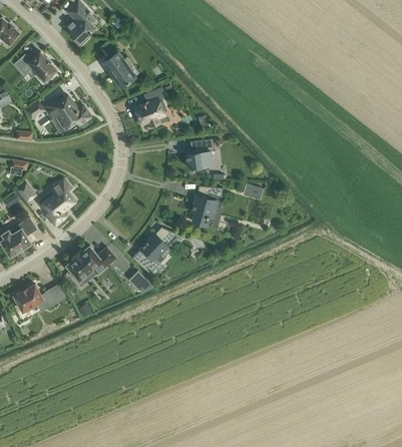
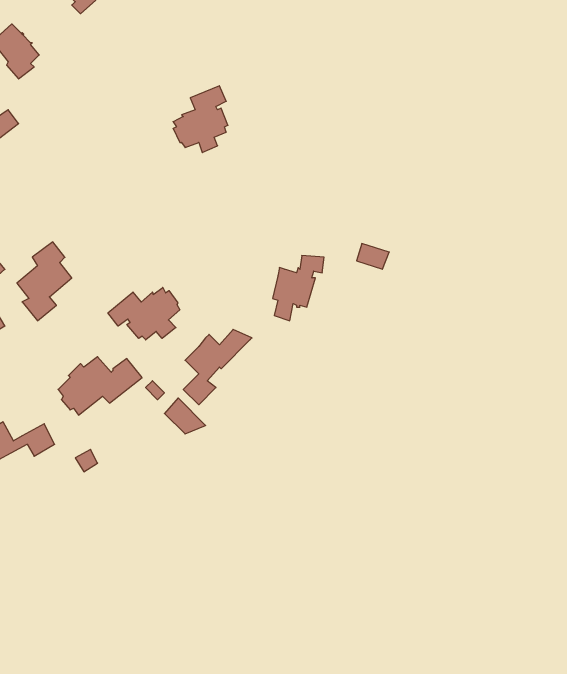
building: [102,51,137,86] -> none
building: [44,94,90,127] -> none
building: [185,137,214,172] -> none
building: none -> [108,287,180,340]

